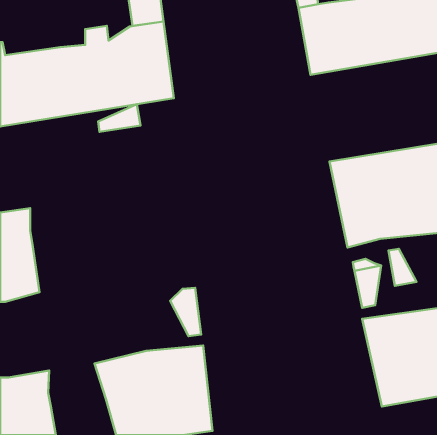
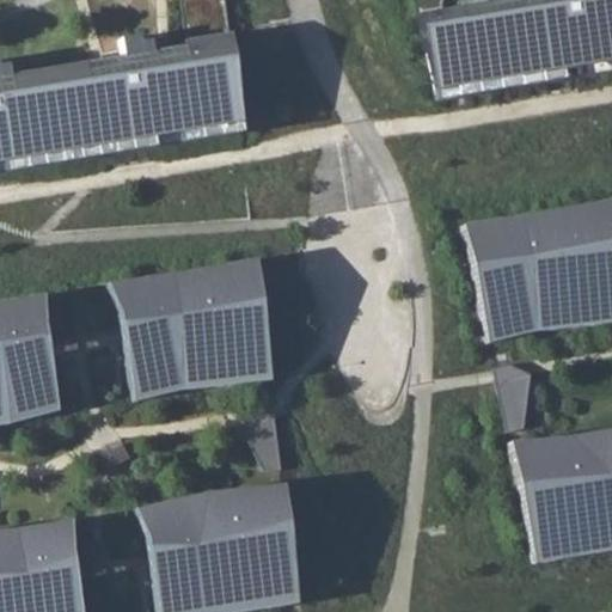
building: [98,104,140,132] -> none
building: none -> [109,253,273,397]
building: [388,249,416,286] -> none

